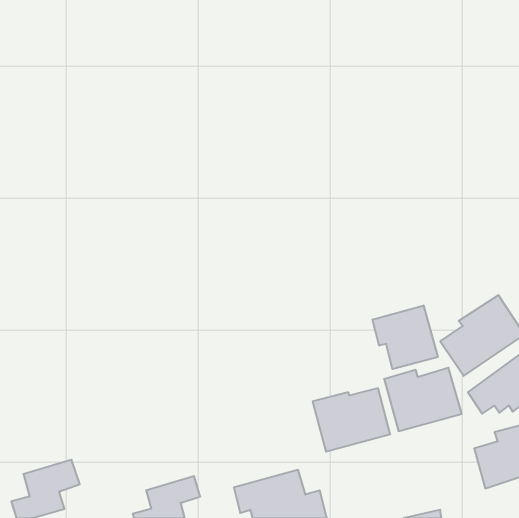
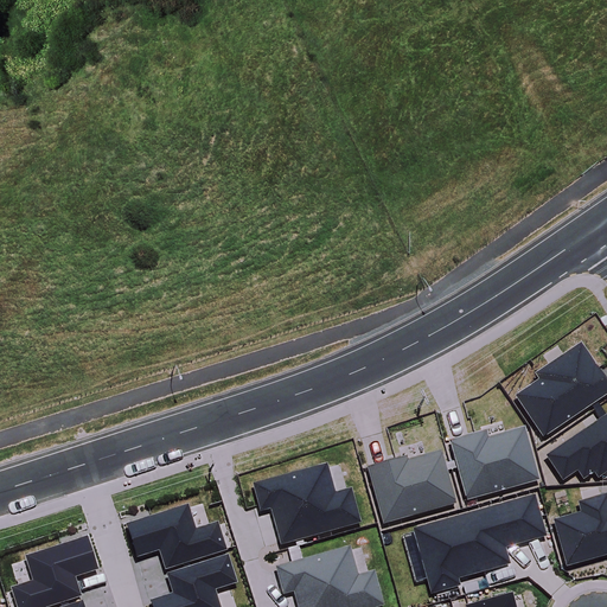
building: [373,305,438,369] -> none
building: none -> [251,462,362,545]
building: none -> [413,494,547,593]
building: none -> [132,504,223,558]

